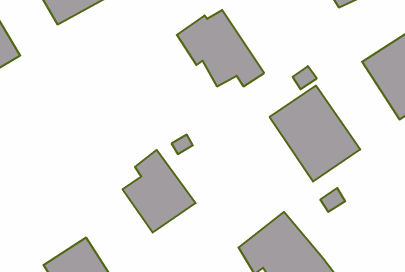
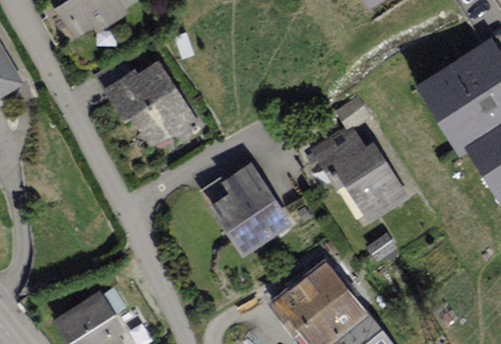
building: [177,10,264,86] -> [104,60,203,147]
building: [123,150,196,233] -> [208,163,292,258]

